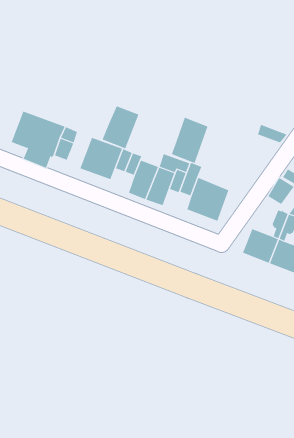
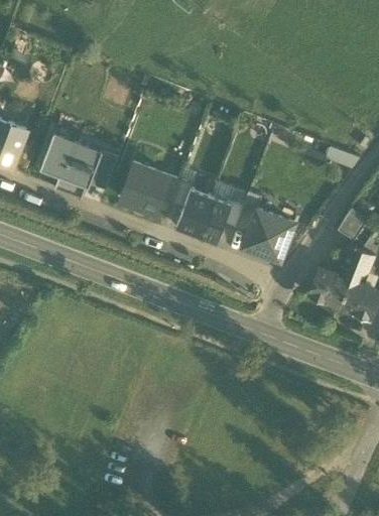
building: [102,105,139,149] -> none
building: [171,117,208,164] -> none

